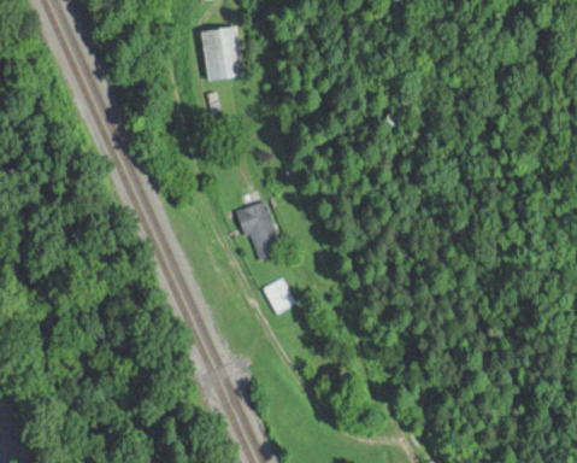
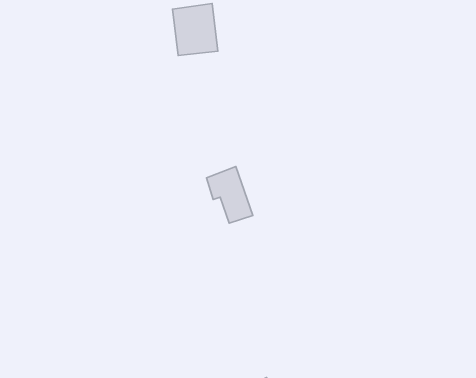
building: [263,279,296,315] -> none

